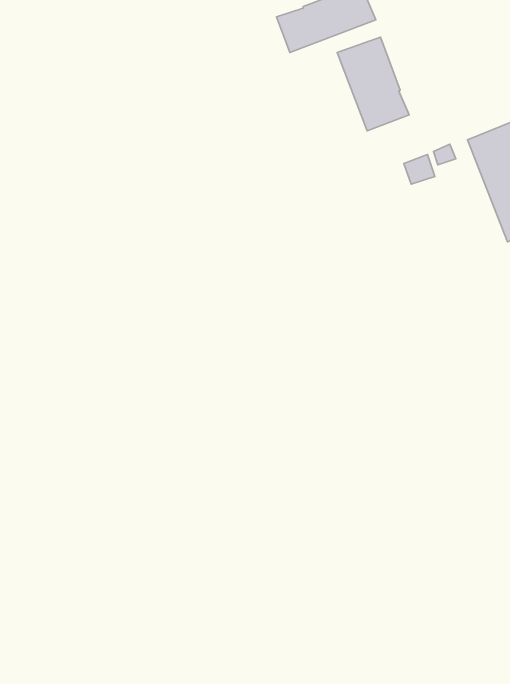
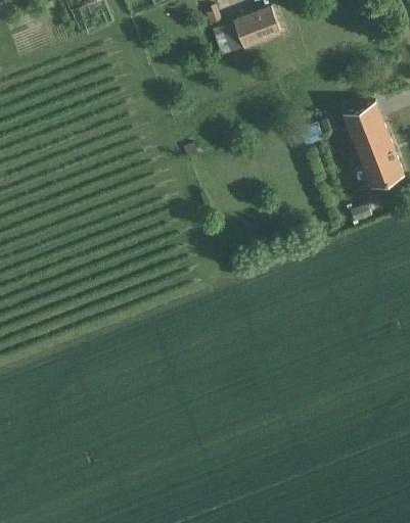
building: [337,37,409,131] -> none

